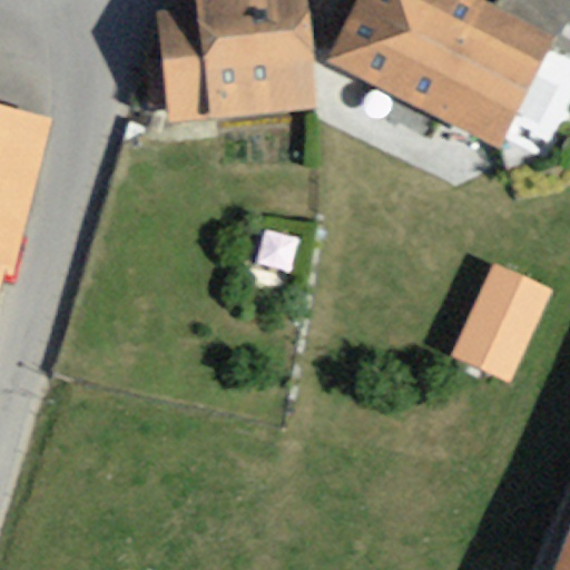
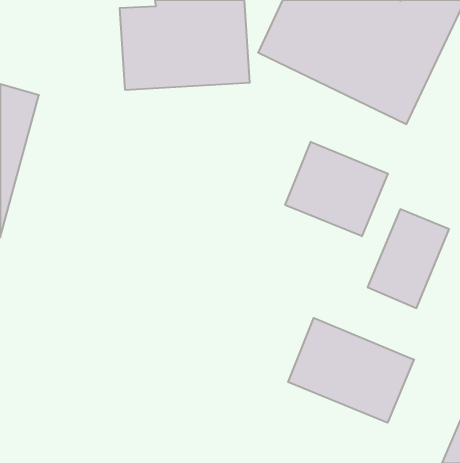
building: none -> [285,142,388,236]
building: none -> [288,318,414,423]

